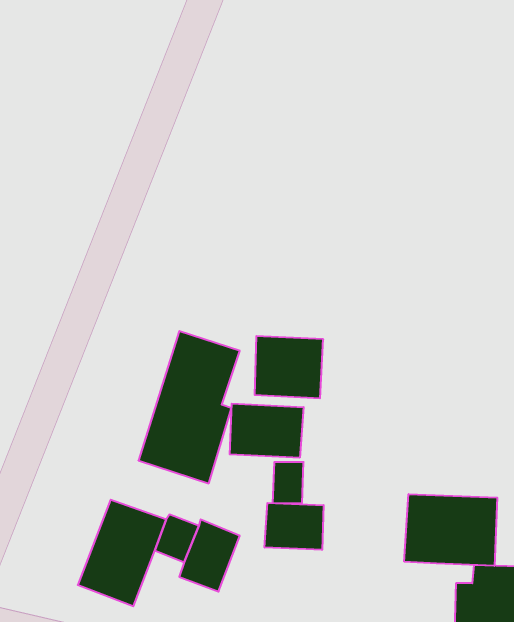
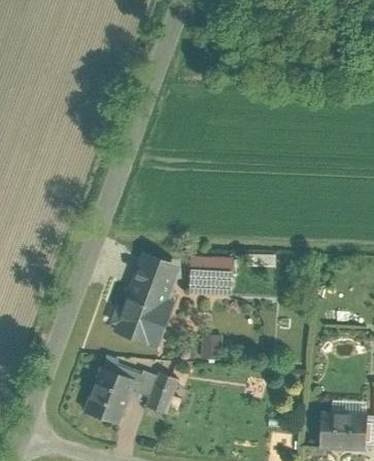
building: [230,404,304,458] -> none
building: [404,494,497,566] -> none
building: [265,503,324,550] -> none

